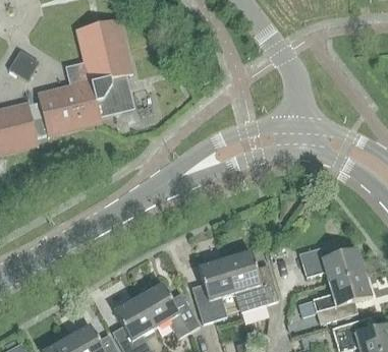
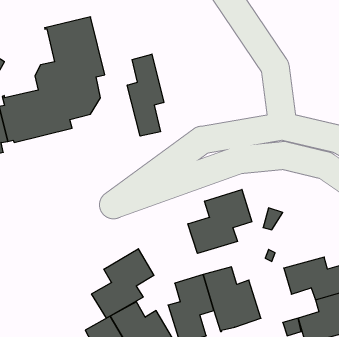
building: none -> [127,54,164,136]
building: none -> [188,189,252,253]
building: none -> [92,249,154,318]

